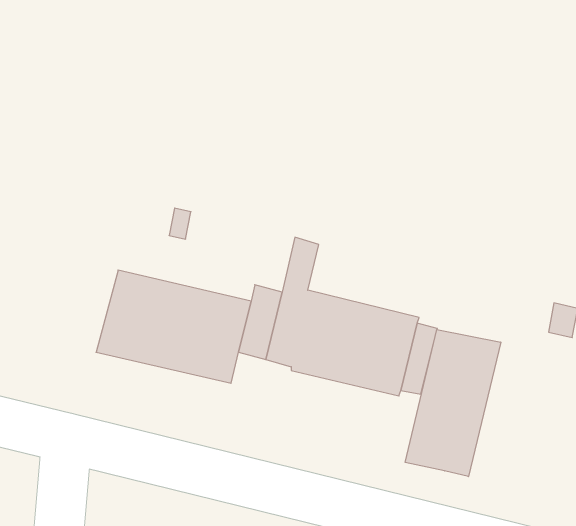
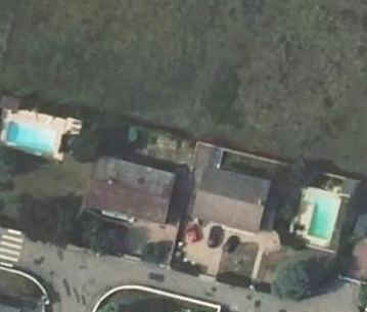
building: [405,330,501,477] -> none

